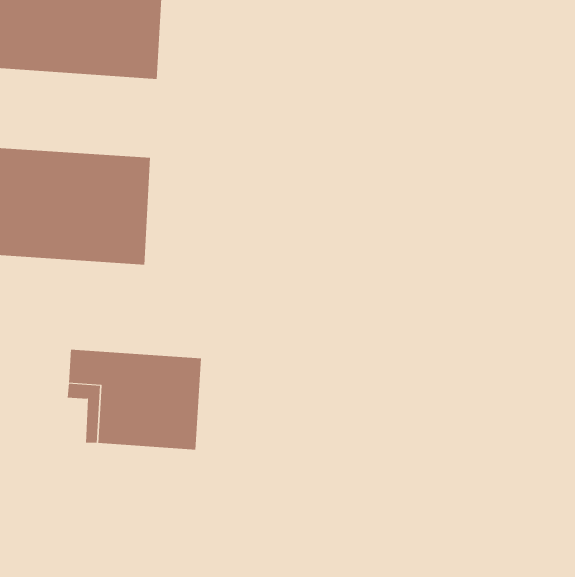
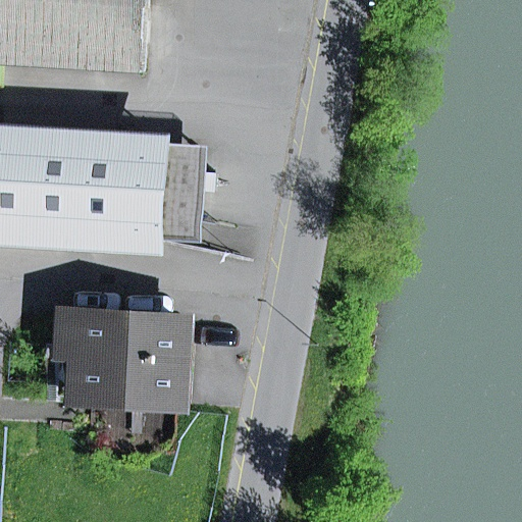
building: none -> [130,142,203,243]

